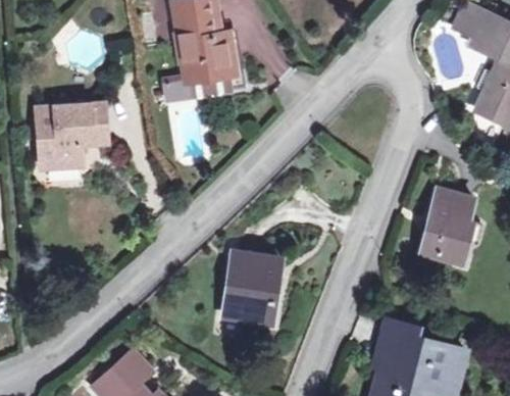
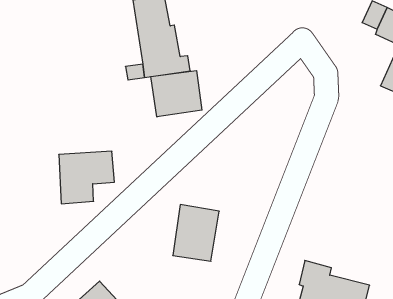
building: none -> [151,71,202,117]
building: [38,104,106,168] -> [59,151,114,204]
building: [421,191,474,263] -> none

